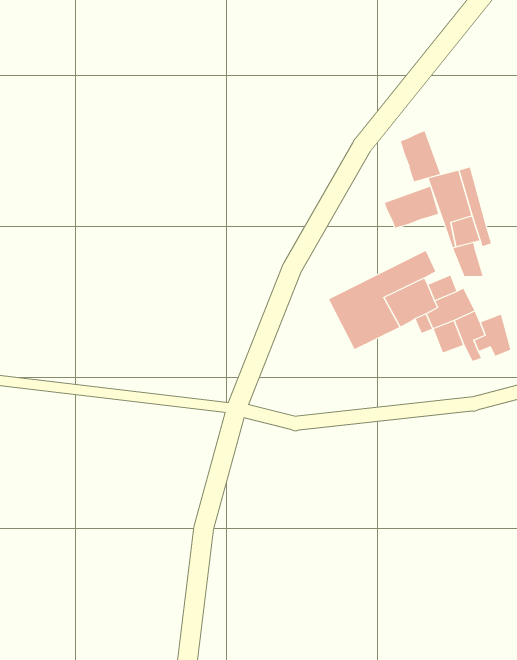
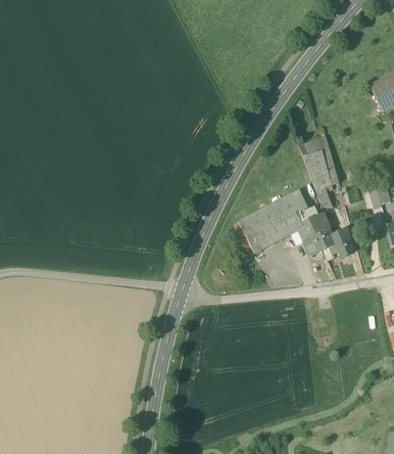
building: [400,131,441,182] -> none
building: [384,186,439,229] -> none

